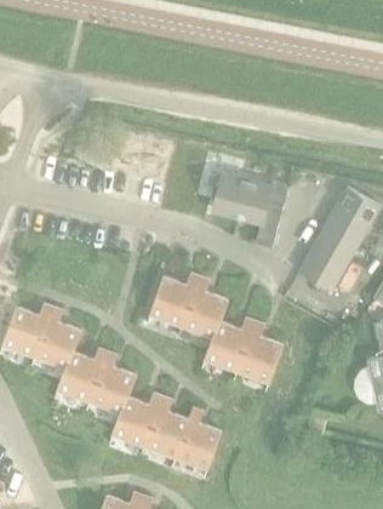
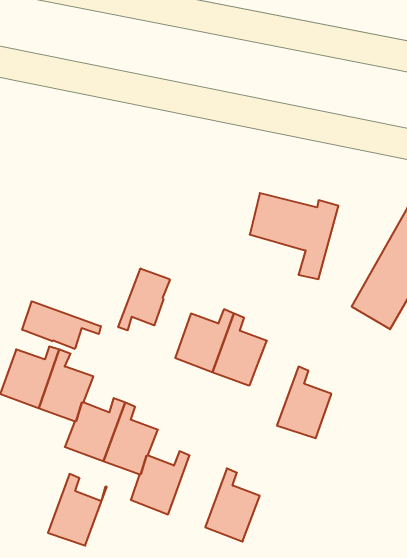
building: none -> [118,268,170,330]
building: none -> [22,301,101,349]
building: [205,319,255,372] -> none
building: [144,398,194,458] -> [48,474,107,546]

